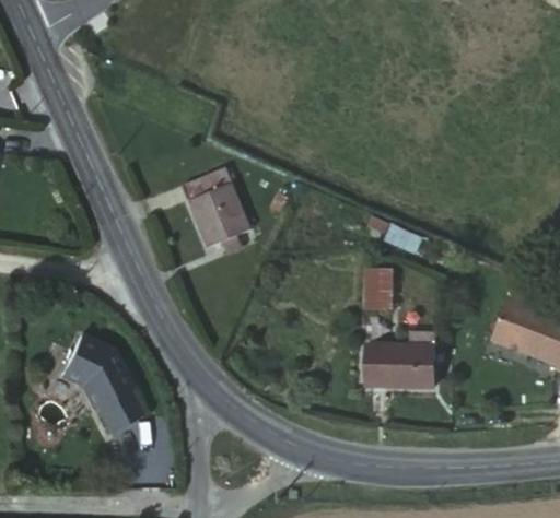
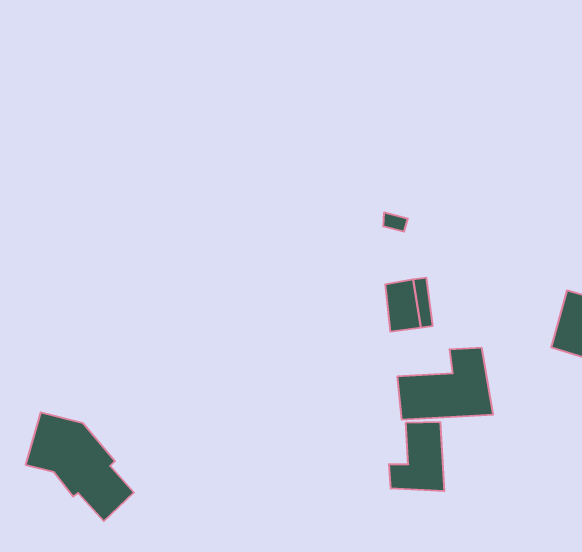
building: [179,166,250,249] -> none
building: none -> [389,422,444,491]

